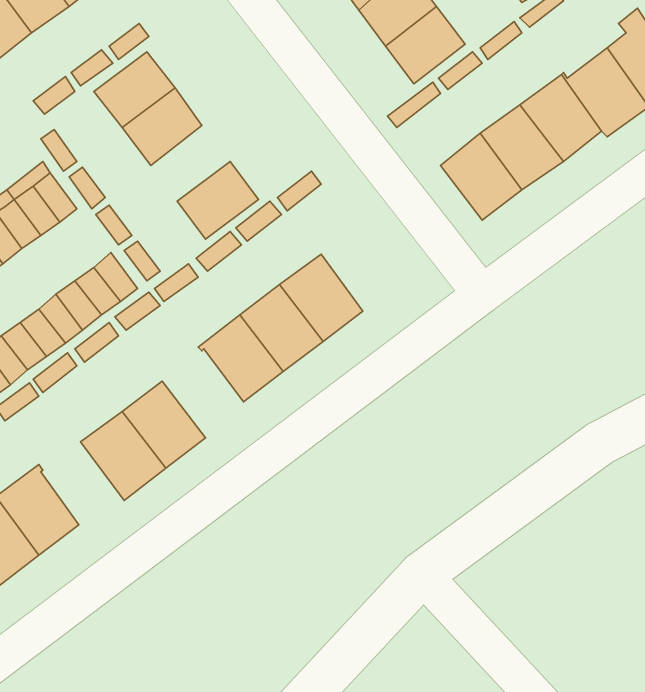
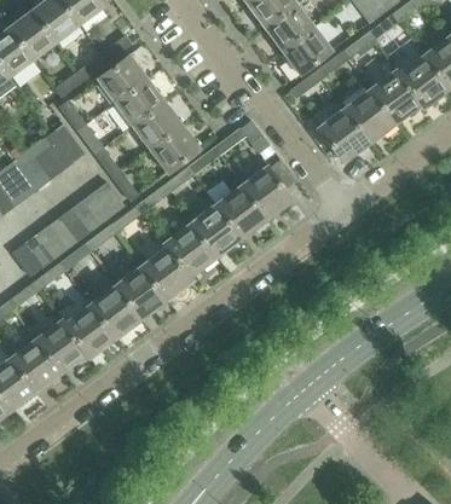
building: none -> [133,102,184,150]
building: none -> [242,158,297,220]
building: none -> [140,244,195,301]
building: none -> [63,303,116,360]

